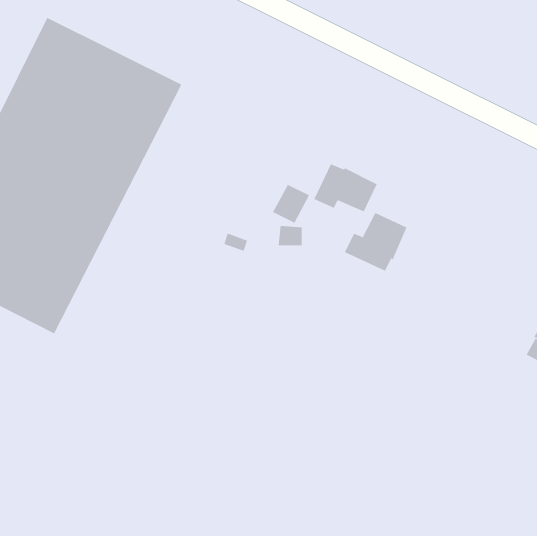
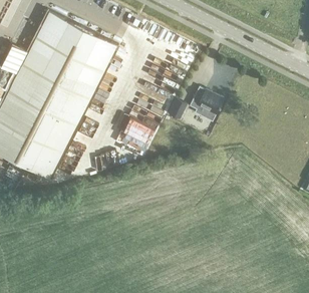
building: [344,212,407,271] -> none

